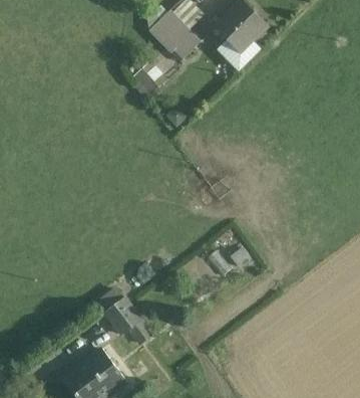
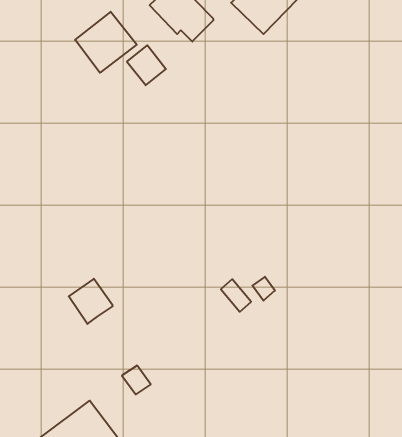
building: none -> [75,12,137,73]
building: [104,297,139,334] -> [69,279,113,324]

